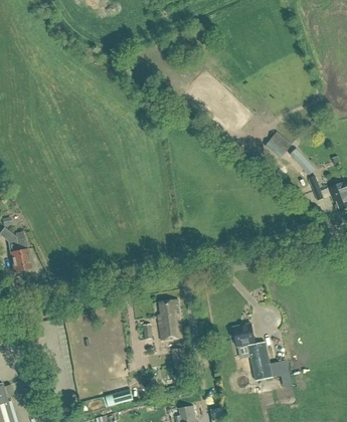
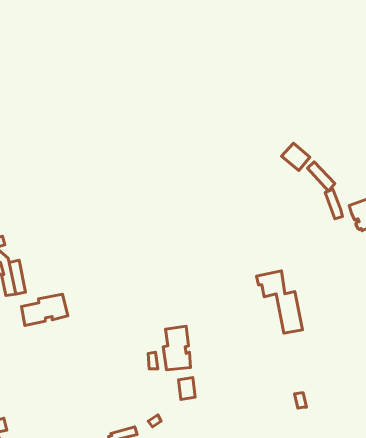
building: none -> [22,294,68,326]
building: [229,324,272,381] -> [256,271,302,333]

